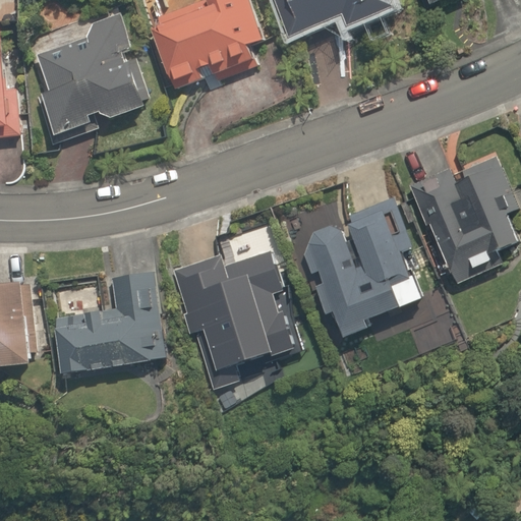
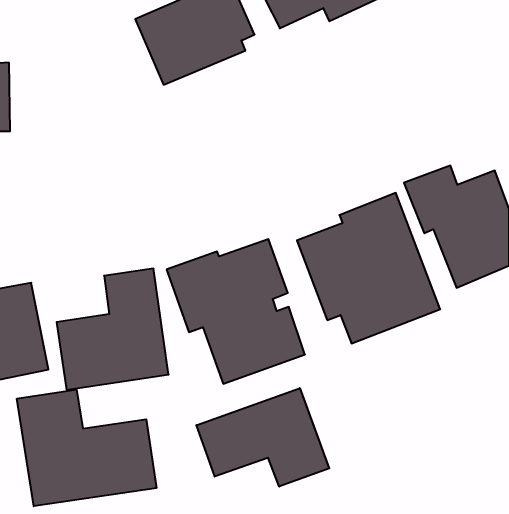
building: [22,6,142,131] -> none
building: none -> [196,388,329,487]
building: none -> [17,390,156,506]

